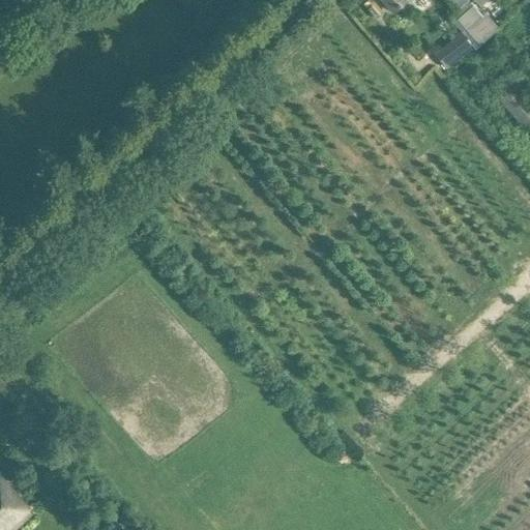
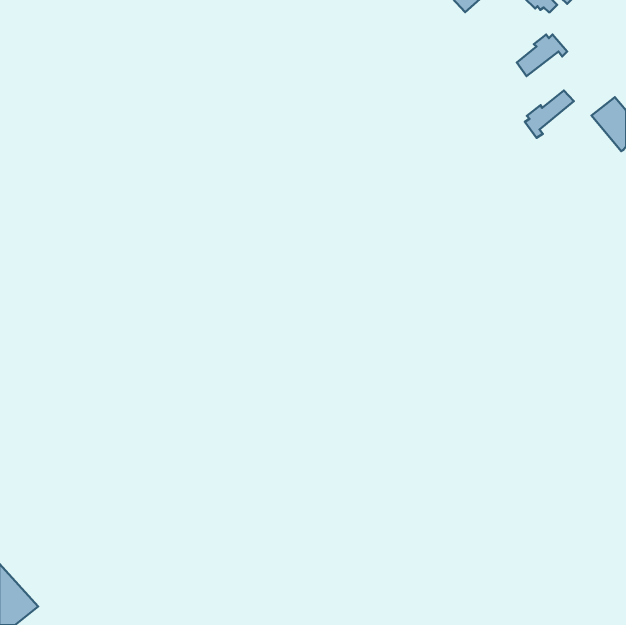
building: [455,10,494,43] -> none
building: none -> [525,90,574,138]

